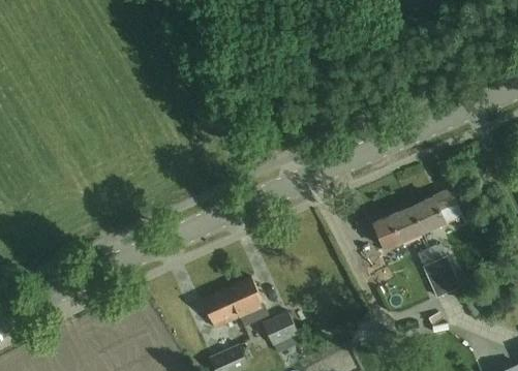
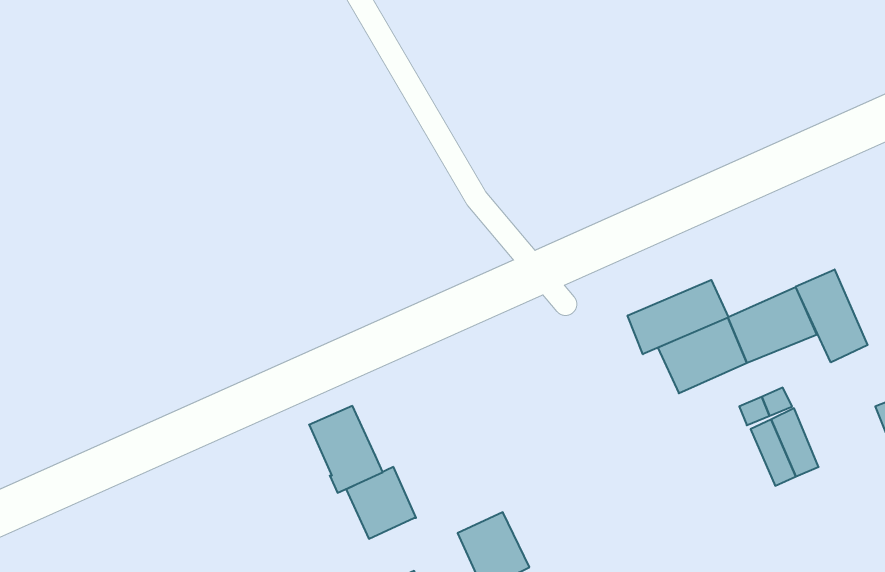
building: none -> [796,269,868,362]
building: none -> [628,280,728,354]
building: [228,277,269,324] -> [309,406,383,493]

